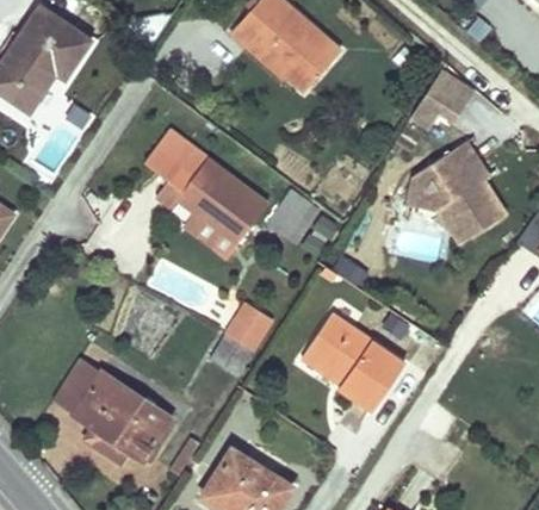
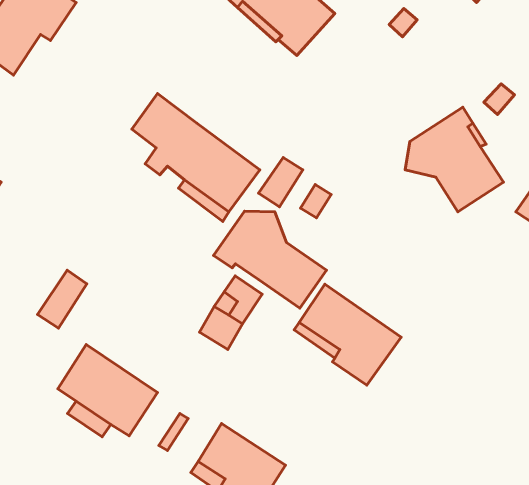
building: [411,69,473,128] -> none
building: none -> [214,211,326,308]
building: [52,359,100,415] -> [38,270,87,328]

